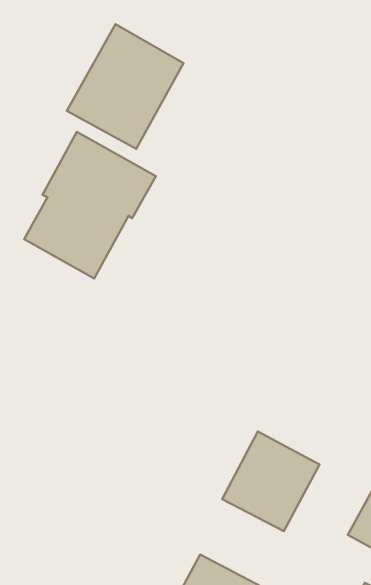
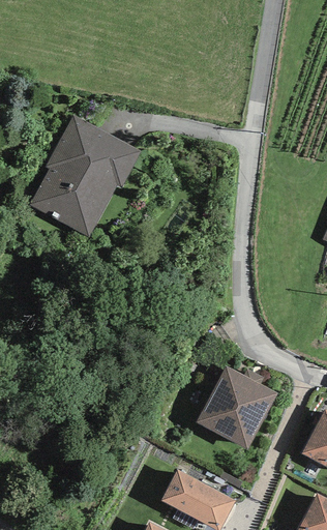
building: [67,24,184,149] -> none

